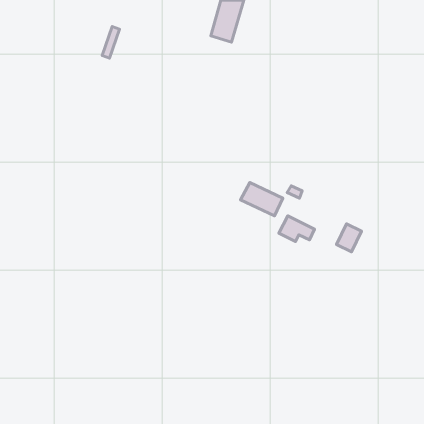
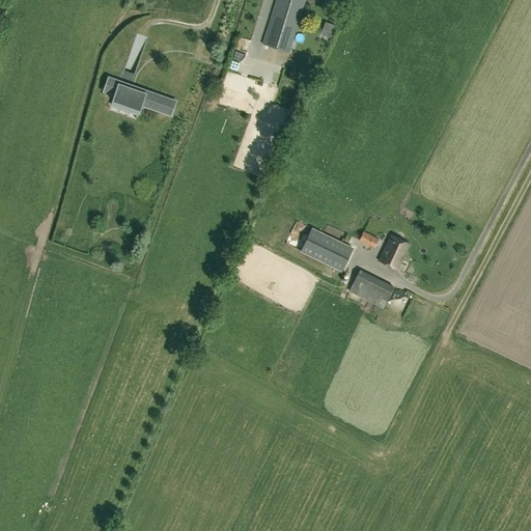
building: none -> [103,76,176,115]
building: [337,224,361,252] -> [379,235,410,271]

